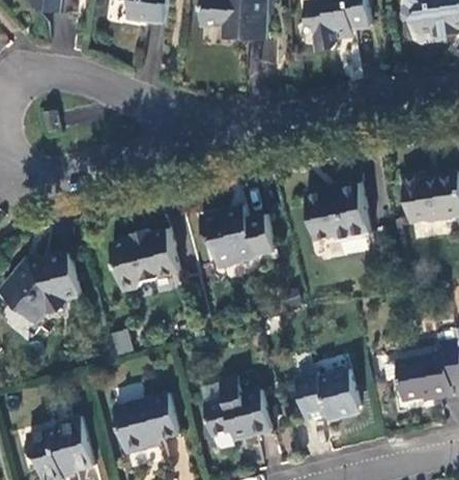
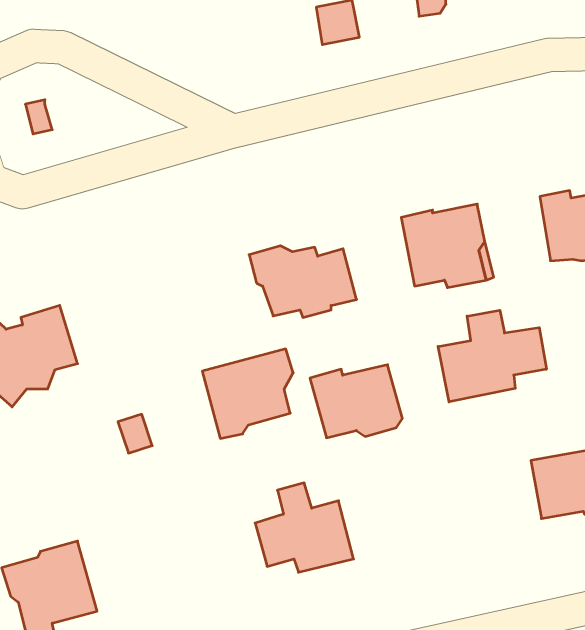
building: [110,229,173,291] -> [202,349,293,438]
building: none -> [438,310,546,402]
building: [296,369,361,420] -> [310,365,402,438]
building: [114,393,179,452] -> none

